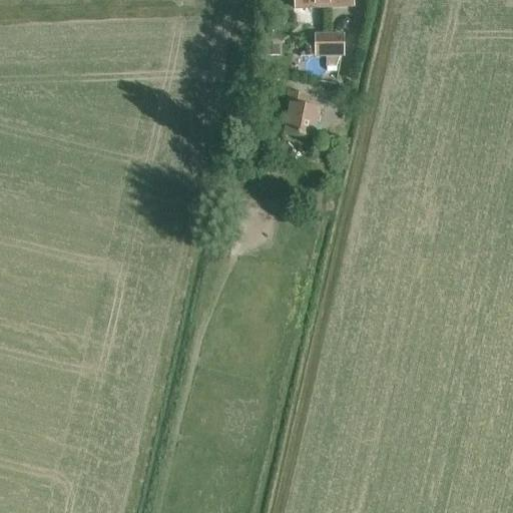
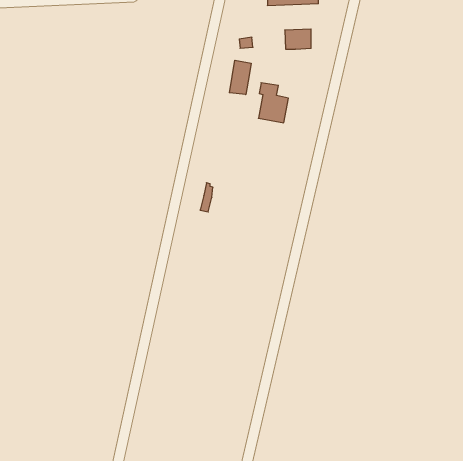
building: none -> [229,60,251,95]

